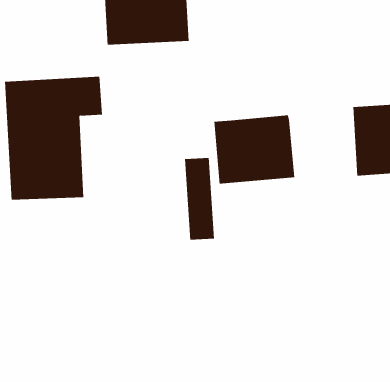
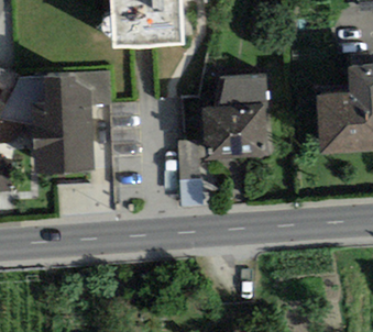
building: none -> [216,73,267,107]

